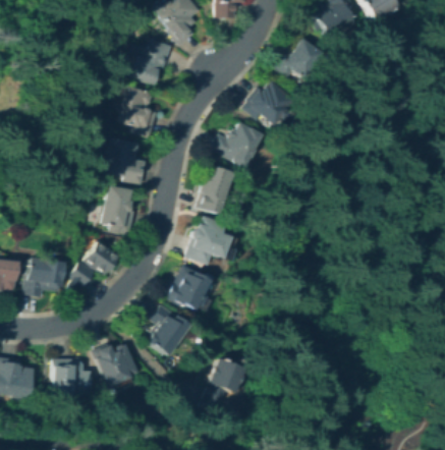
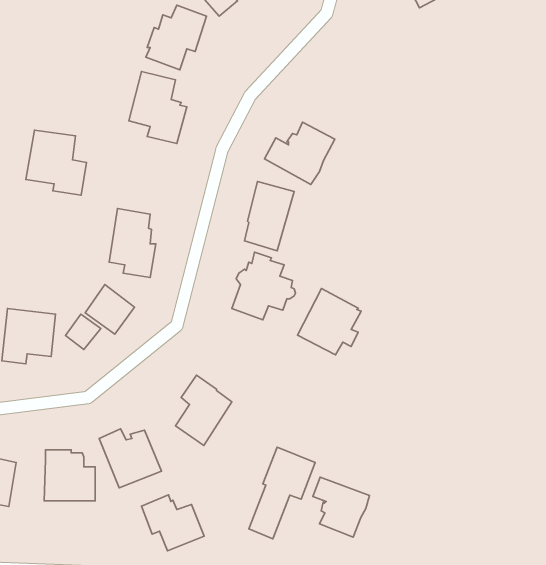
building: [277,40,322,82] -> none
building: [244,79,294,123] -> none
building: [102,137,146,184] -> [26,130,87,195]
building: [168,265,214,313] -> [298,288,361,355]
building: none -> [313,477,369,537]
building: none -> [141,495,204,551]

